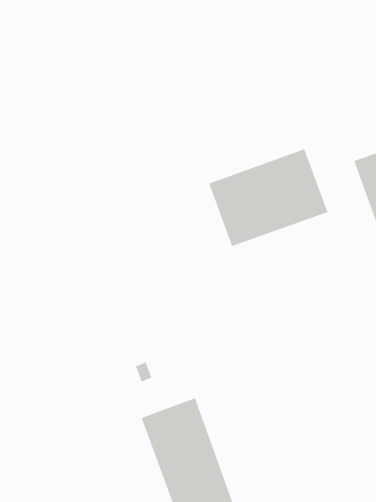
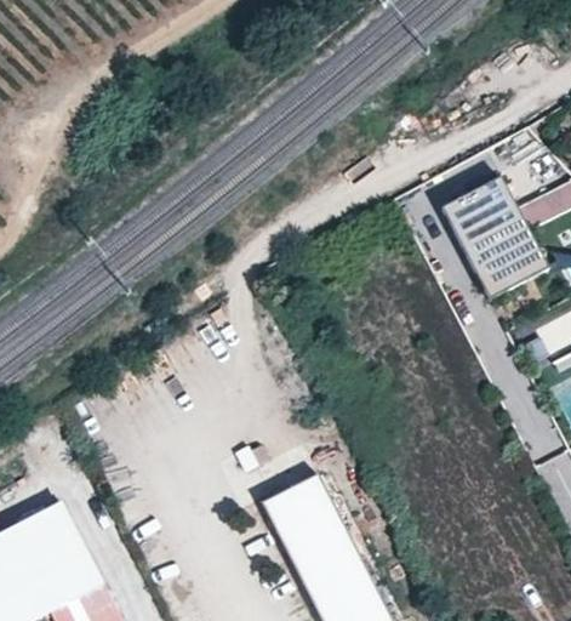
building: [208,149,328,247] -> none

